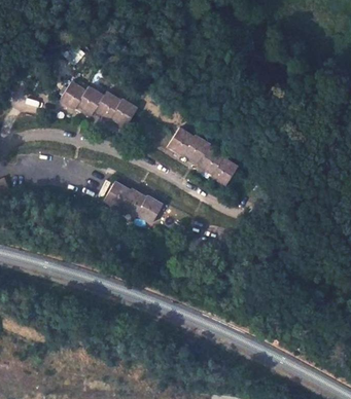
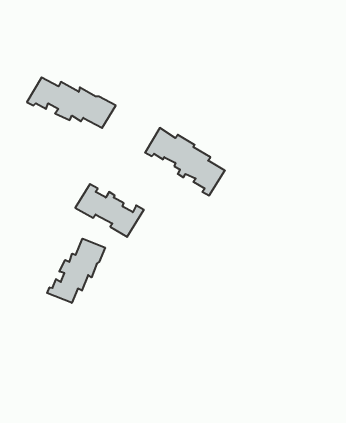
building: none -> [47,239,105,303]

